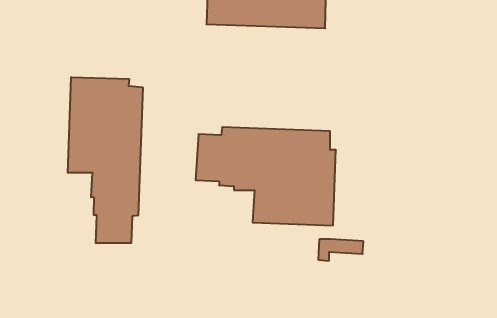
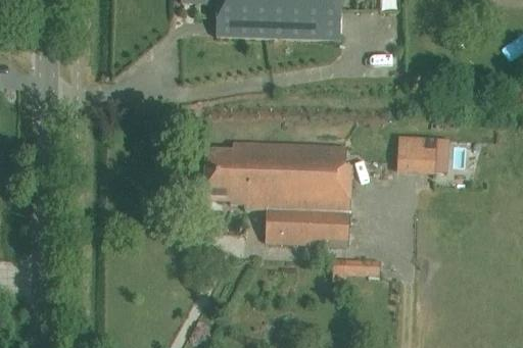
building: [68,77,143,243] -> none
building: none -> [396,136,448,172]

